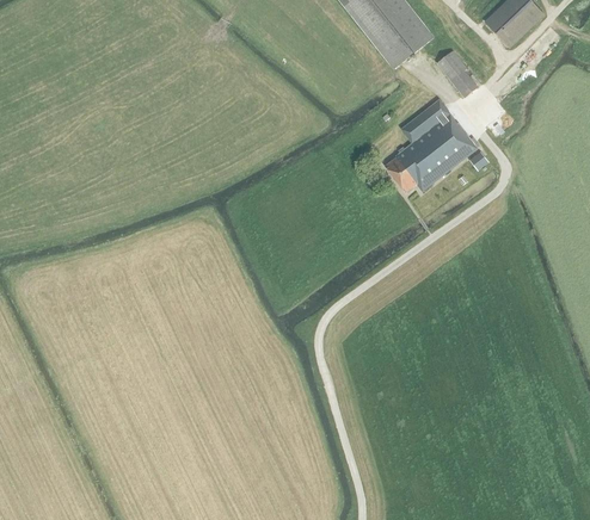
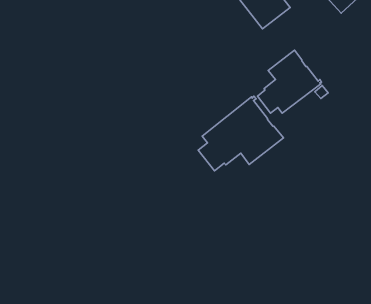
building: [437,50,477,97] -> none
building: none -> [198,96,283,171]

